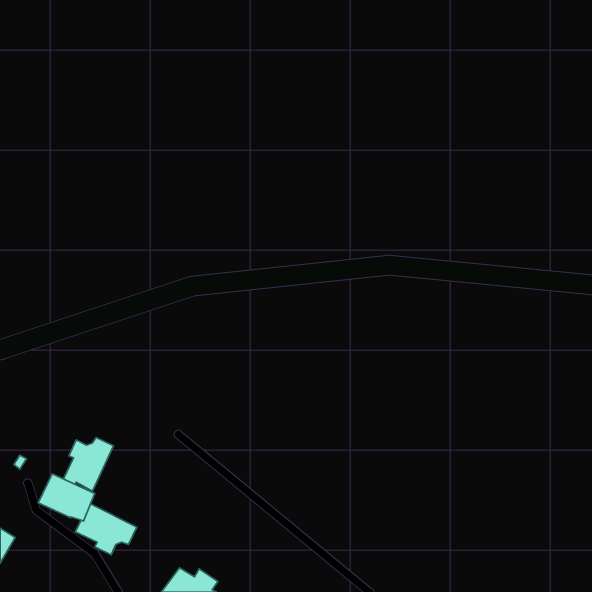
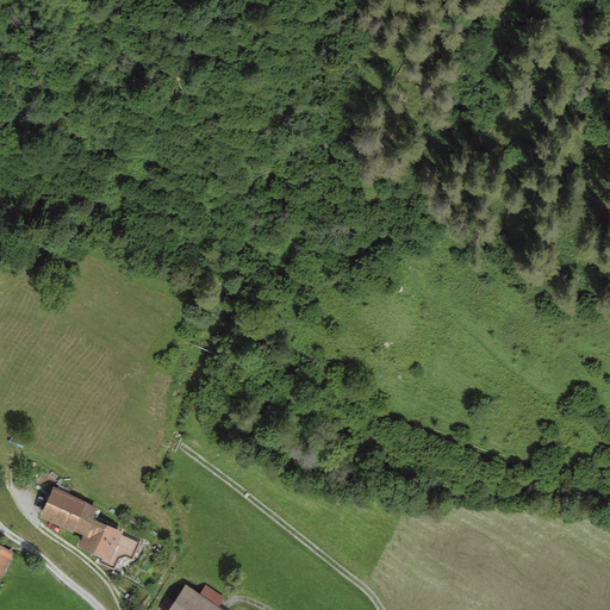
building: [63,437,113,491] -> none

